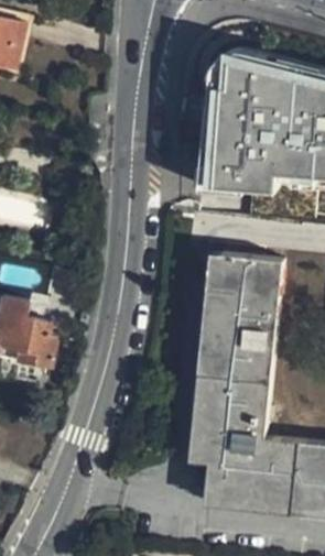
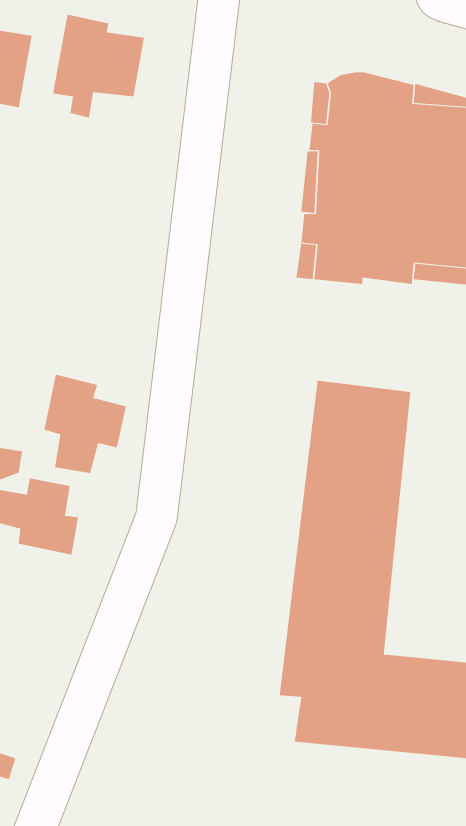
building: none -> [53,14,145,118]
building: none -> [44,374,127,474]

